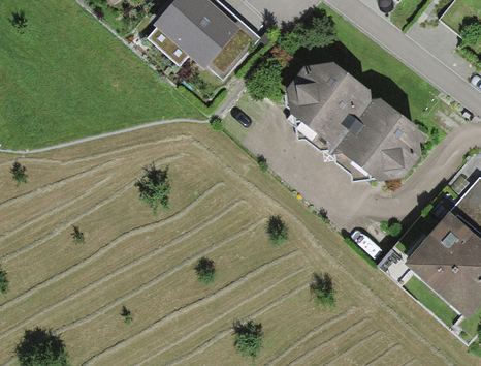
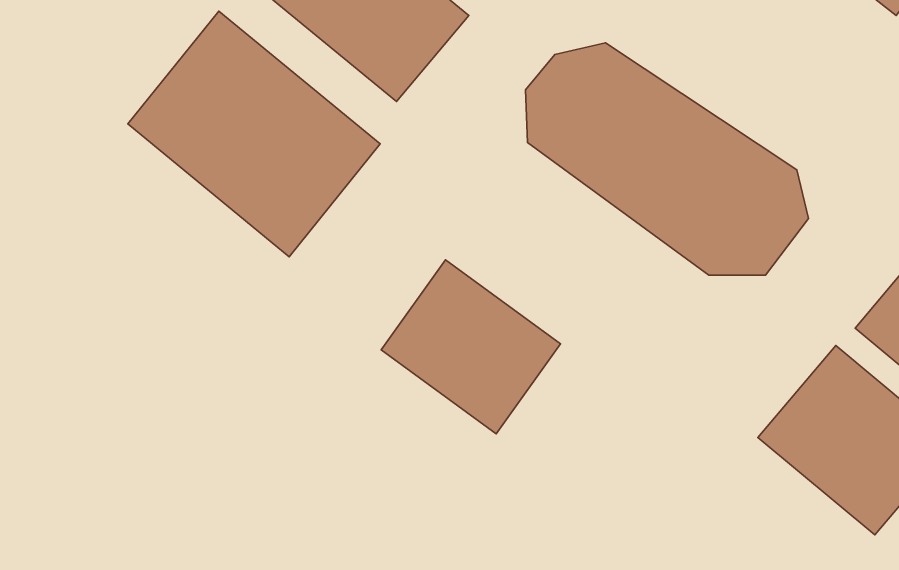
building: none -> [128,11,380,257]
building: none -> [381,260,560,434]

